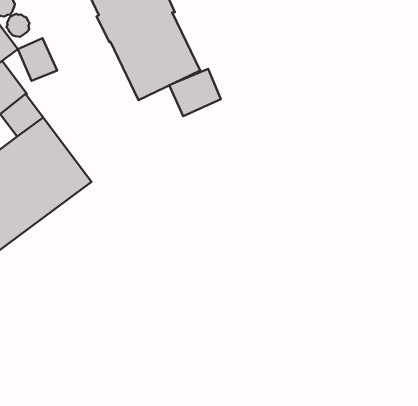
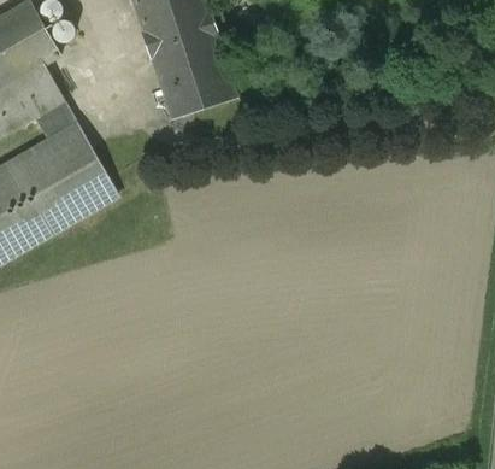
building: [18,38,57,81] -> none
building: [169,69,221,116] -> none

